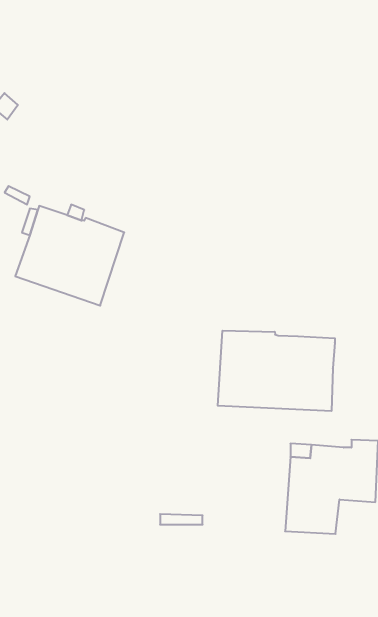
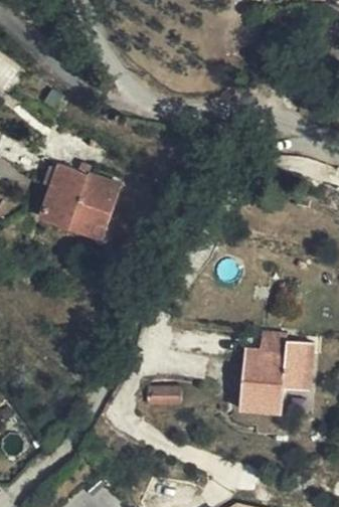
building: [218,331,335,411] -> none

